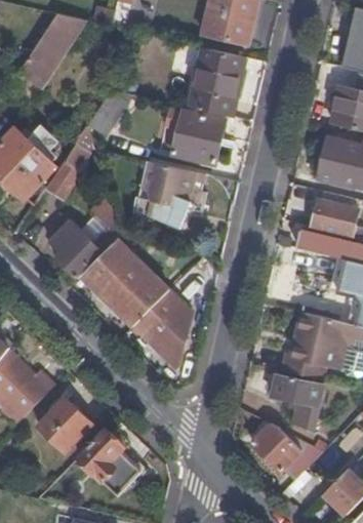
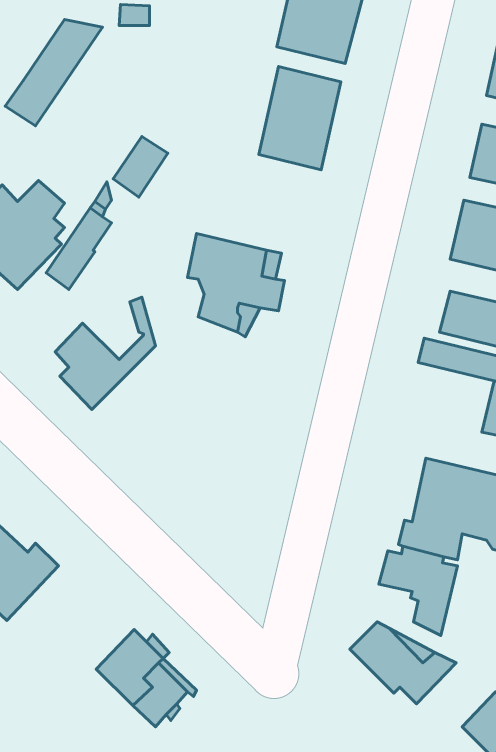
building: [171,111,224,163] -> none
building: [82,242,191,366] -> none
building: [37,397,89,450] -> none

